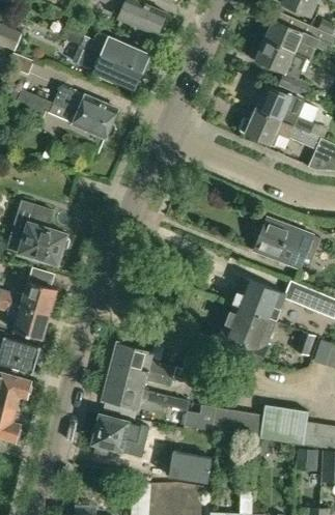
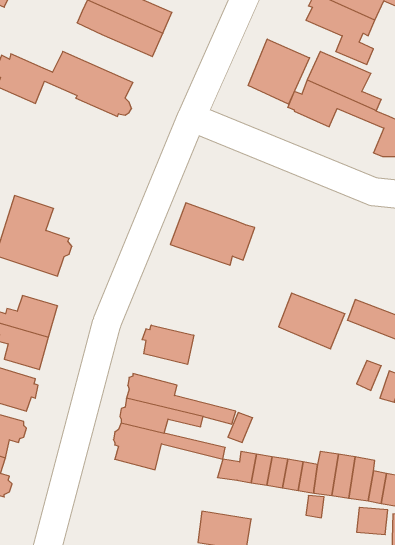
building: none -> [248,39,310,104]
building: [253,219,320,268] -> [170,203,255,265]
building: none -> [142,325,194,364]
building: [214,305,274,364] -> none
building: [92,413,148,455] -> none

